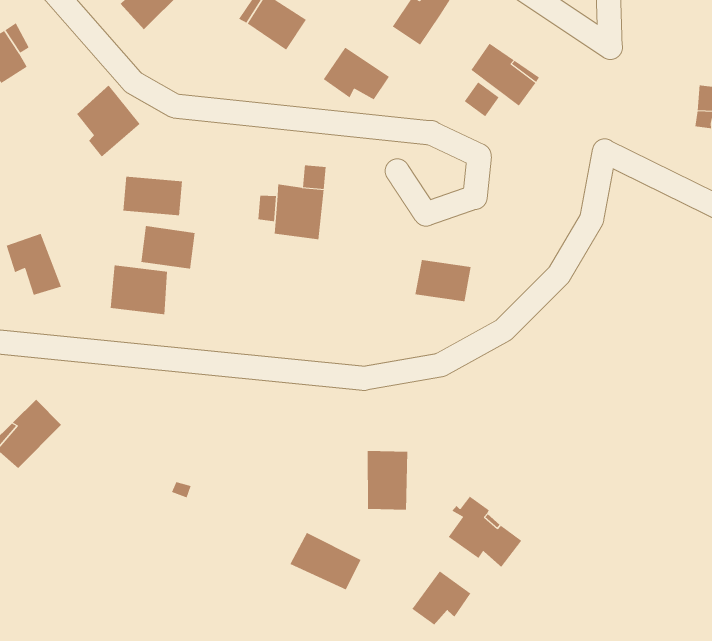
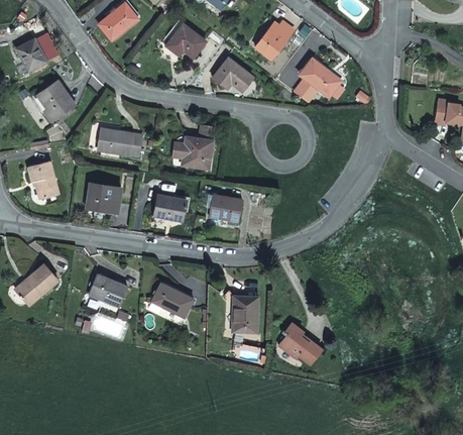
building: [76,85,141,157] -> [36,79,74,121]
building: [141,226,196,269] -> [153,195,187,222]
building: [415,260,471,302] -> [209,198,243,224]
building: none -> [85,269,124,302]
building: [289,532,361,590] -> [149,282,192,317]
building: [411,571,471,626] -> none

